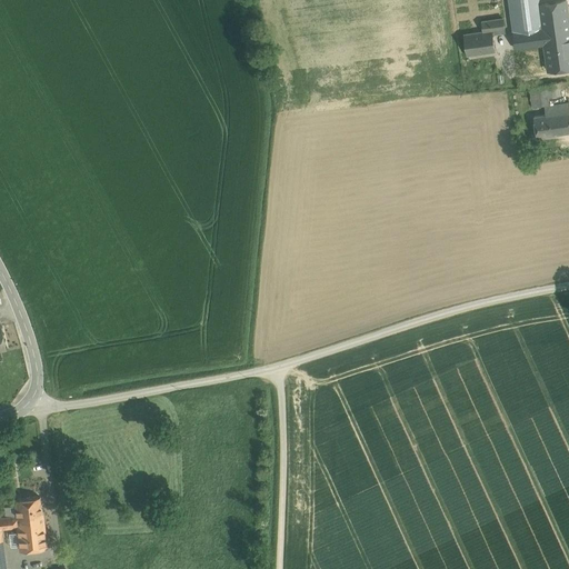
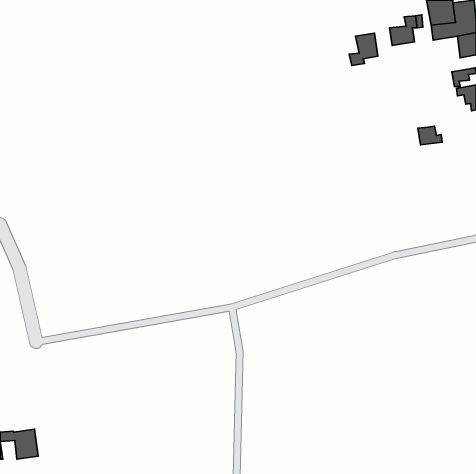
building: none -> [349,33,378,66]
building: [533,116,562,138] -> [418,126,442,145]
building: [14,498,41,518] -> none

